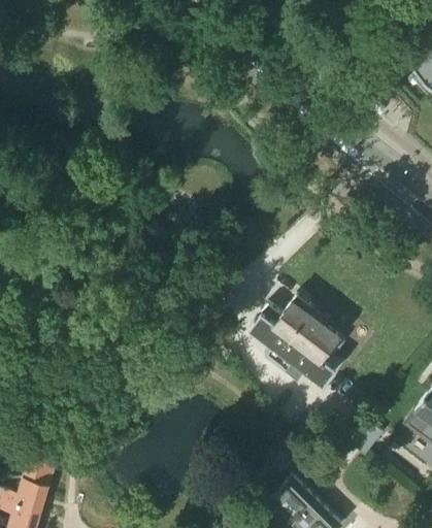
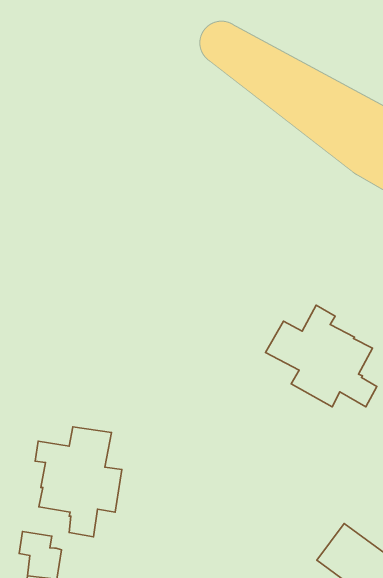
building: none -> [35,427,122,537]

